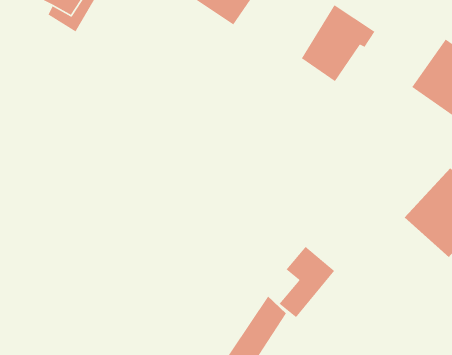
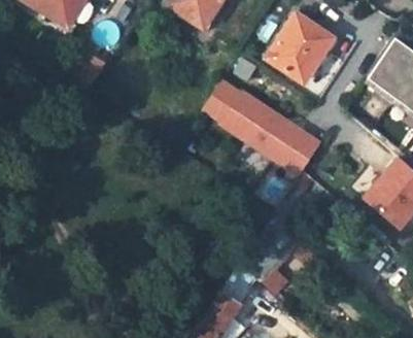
building: none -> [214,84,321,178]

